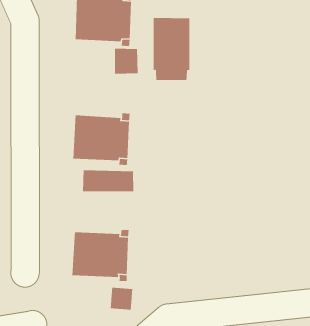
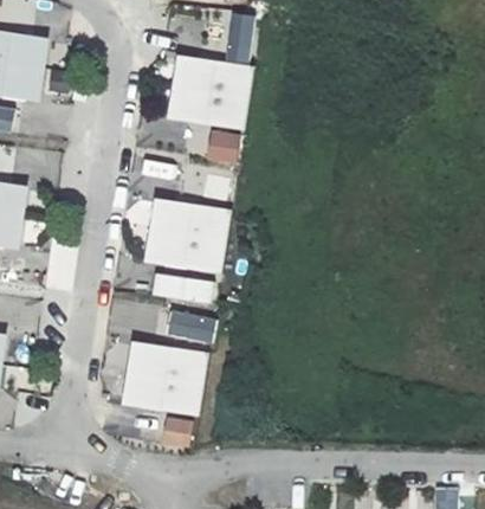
building: [153,17,190,81] -> none
building: none -> [169,308,221,343]

